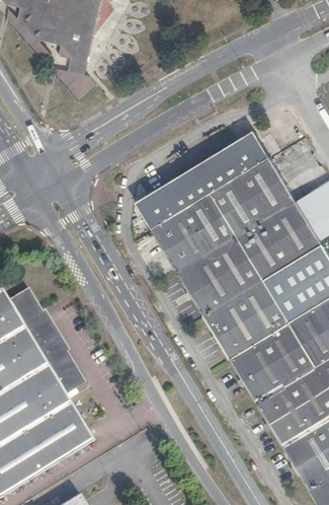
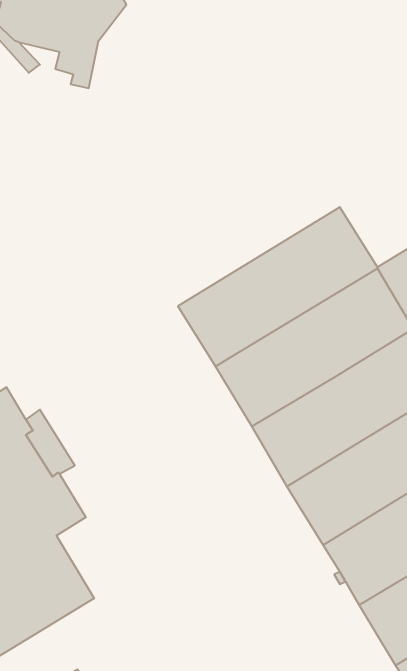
building: [55,67,95,98] -> none
building: [136,131,268,228] -> none

